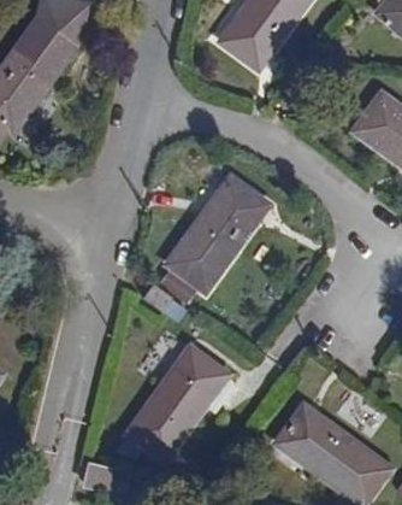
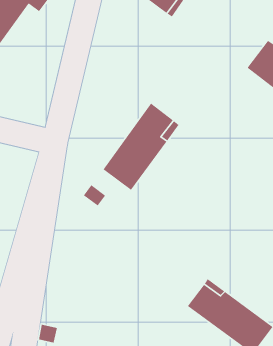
building: [126,348,230,459] -> none

